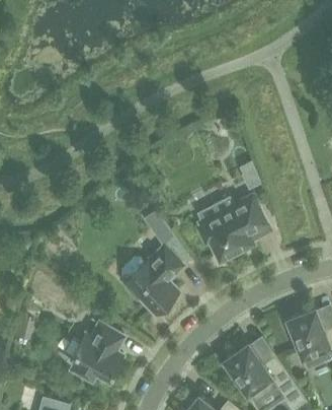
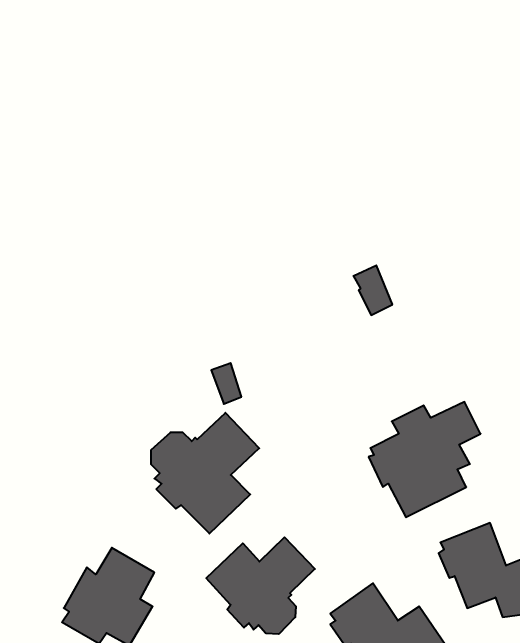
building: [197,196,261,262] -> [369,402,481,517]
building: none -> [206,537,315,634]

